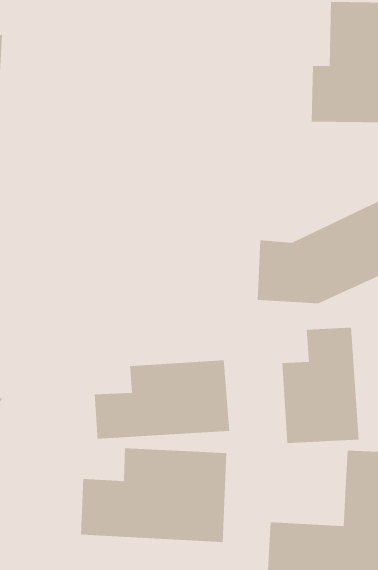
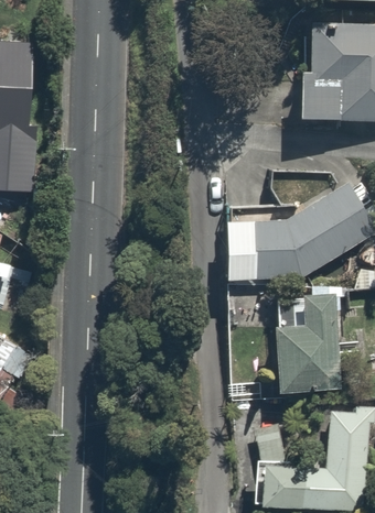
building: [94,360,230,439] -> none
building: [81,447,227,543] -> none

